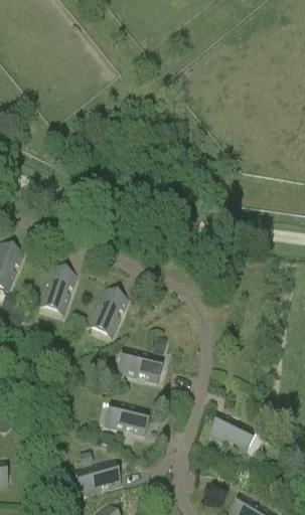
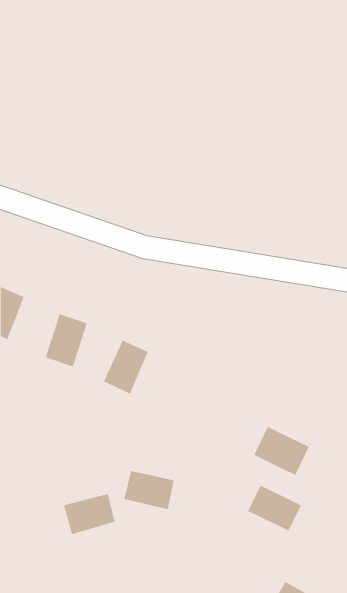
building: [118,347,162,380] -> none
building: none -> [254,426,309,476]
building: [73,460,118,495] -> [63,493,116,535]

